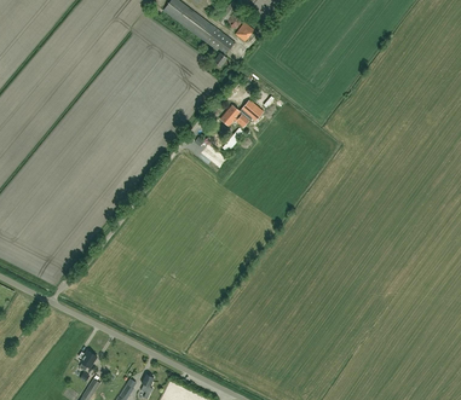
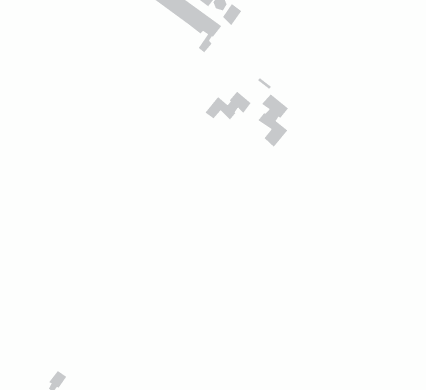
building: none -> [258,94,289,148]

